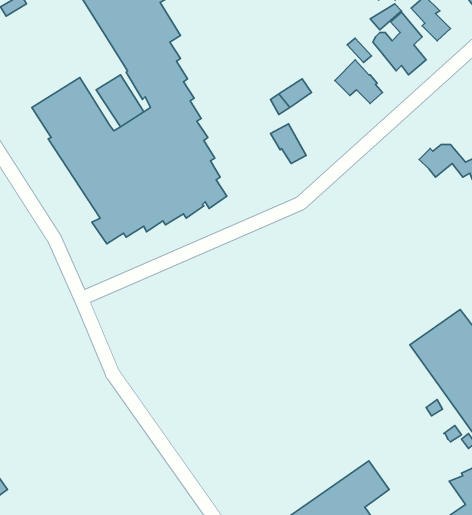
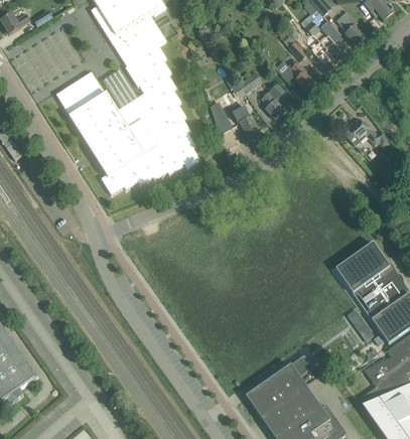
building: none -> [261,82,285,119]
building: none -> [211,101,233,134]

